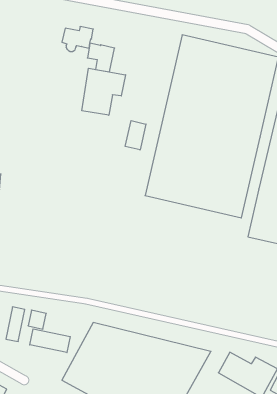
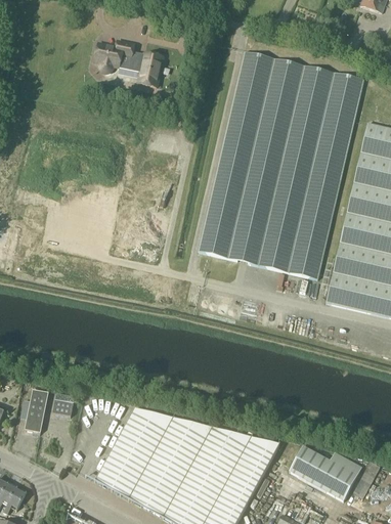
building: [82,68,126,115] -> none
building: [125,121,146,150] -> none
building: [30,329,70,353] -> none

